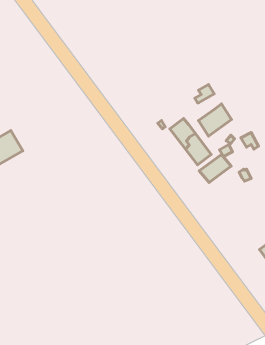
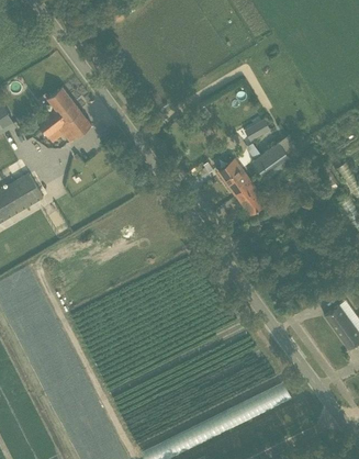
building: none -> [37,87,91,142]
building: [199,155,231,183] -> none

